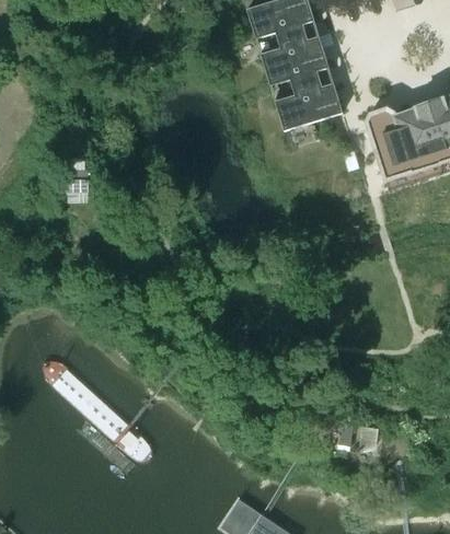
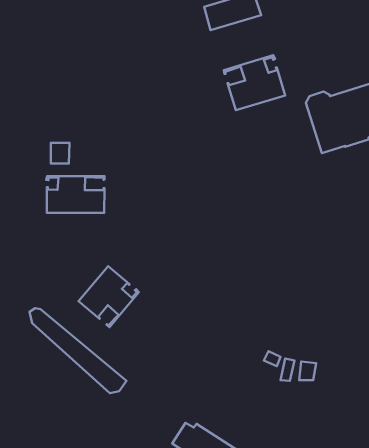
building: [255,19,328,83] -> none
building: none -> [46,176,105,213]
building: none -> [79,266,139,327]

